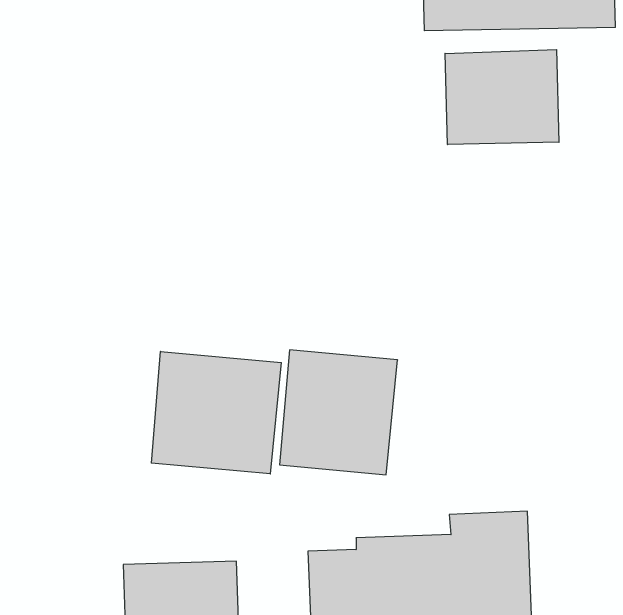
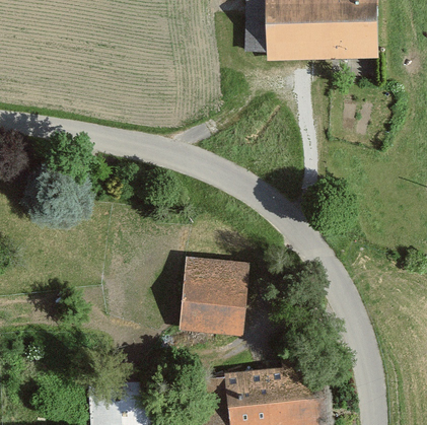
building: [445,50,559,145] -> none
building: [151,351,281,474] -> none

